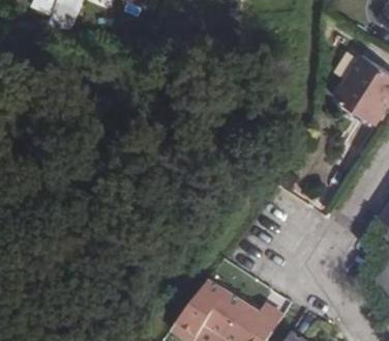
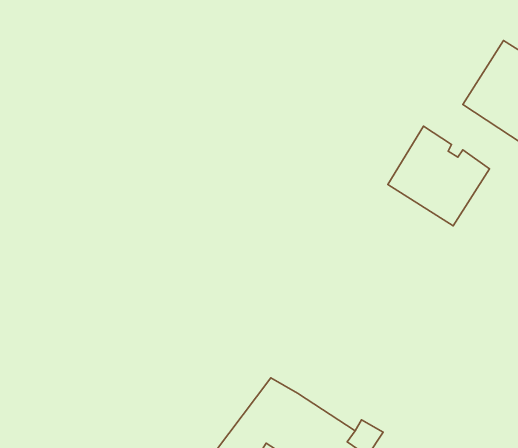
building: none -> [388,126,490,226]

